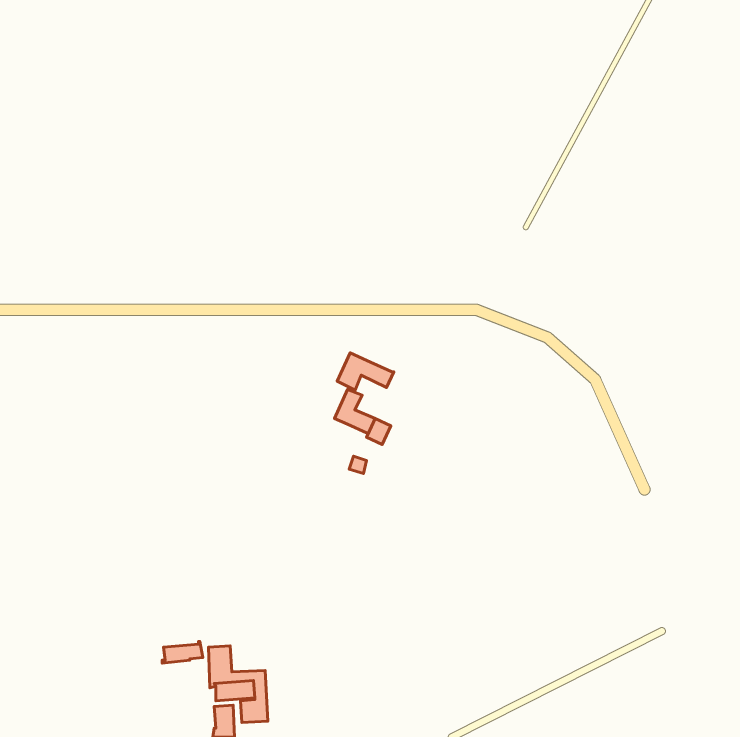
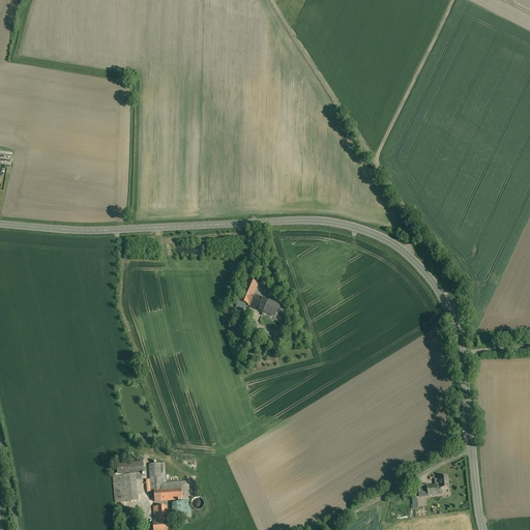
building: [337,353,394,390] -> none
building: none -> [113,472,138,501]

